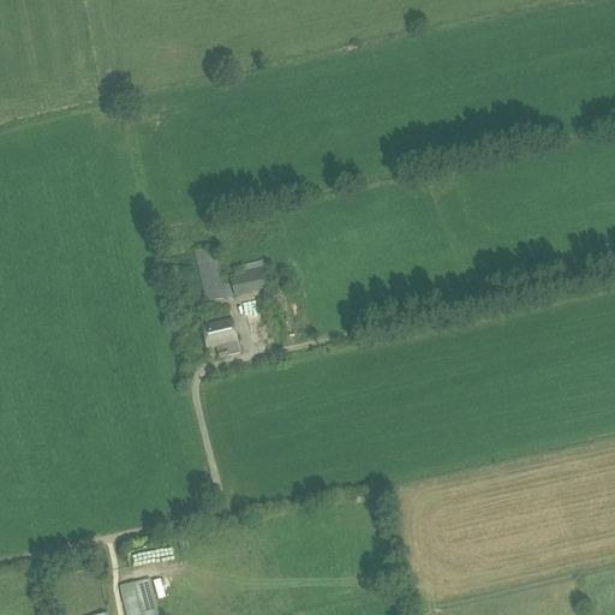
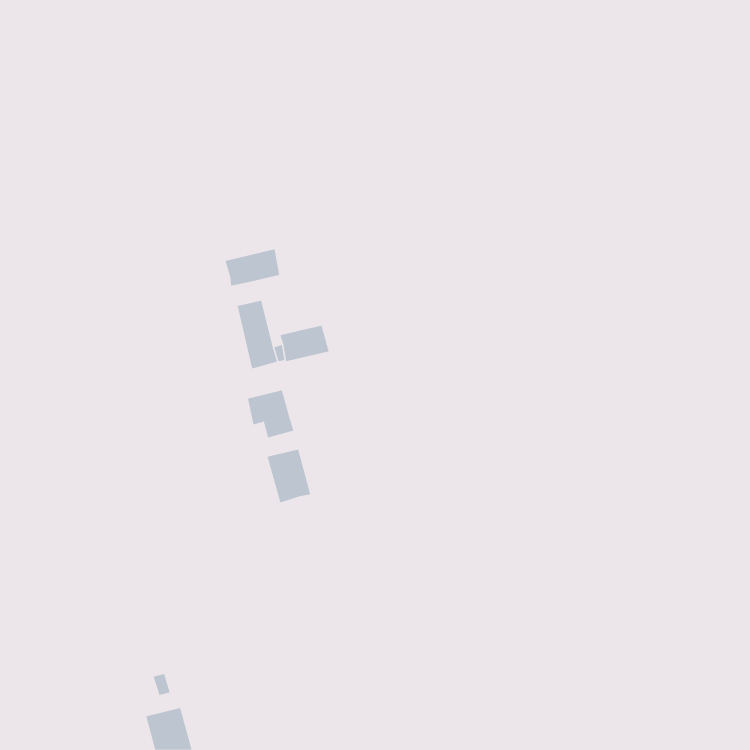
building: none -> [224,249,280,287]
building: none -> [267,449,311,504]

